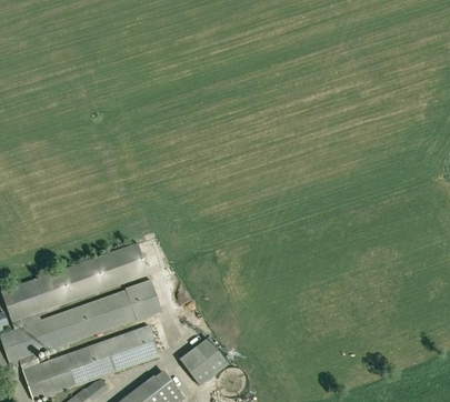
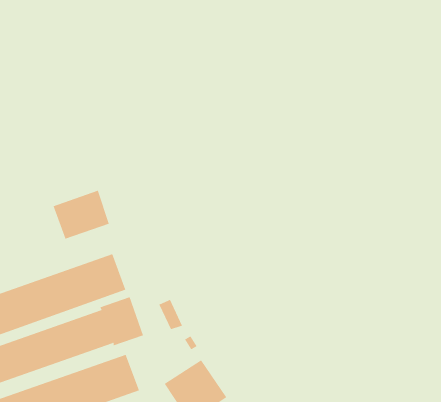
building: none -> [53,190,109,239]

